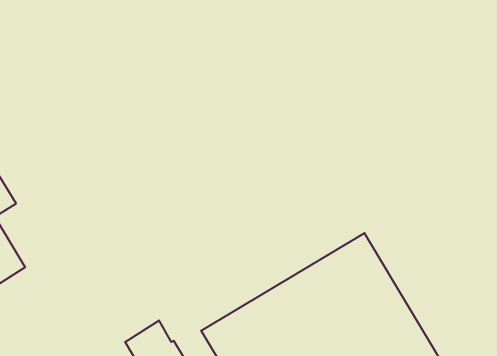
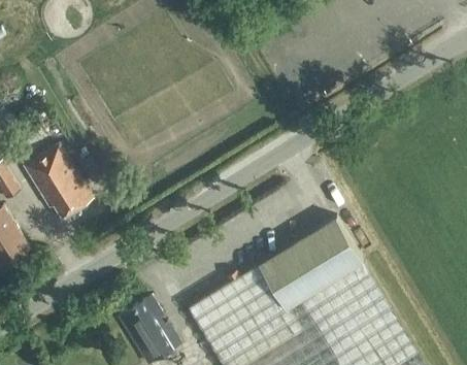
building: none -> [25,144,93,217]

